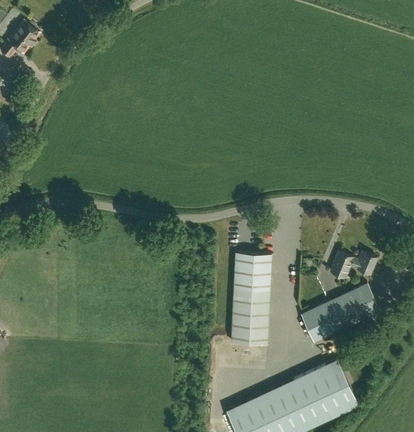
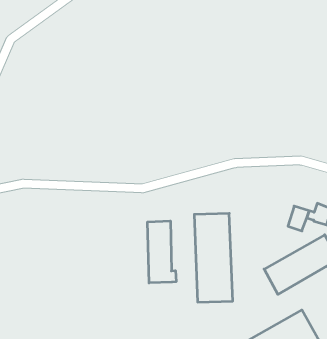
building: none -> [148,221,176,283]

